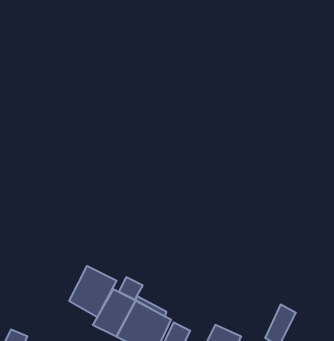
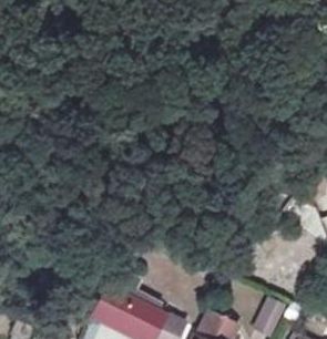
building: [69,266,117,317] -> none

